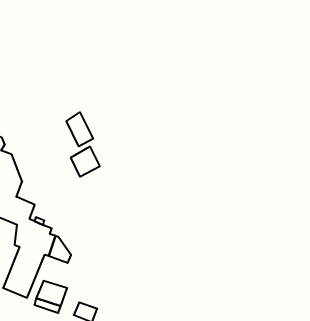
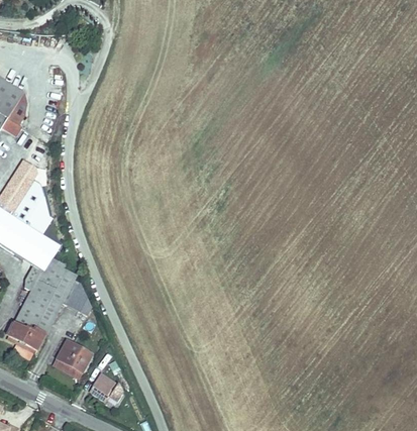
building: [67,112,93,146] -> none
building: [71,147,100,177] -> none

